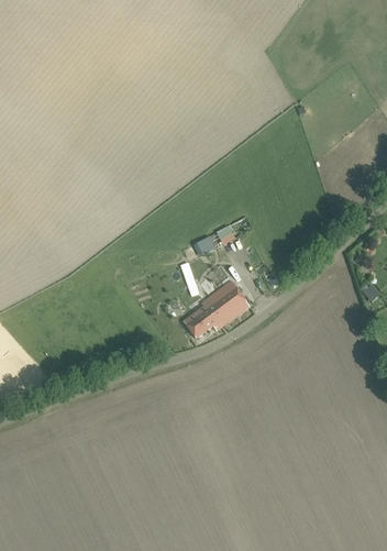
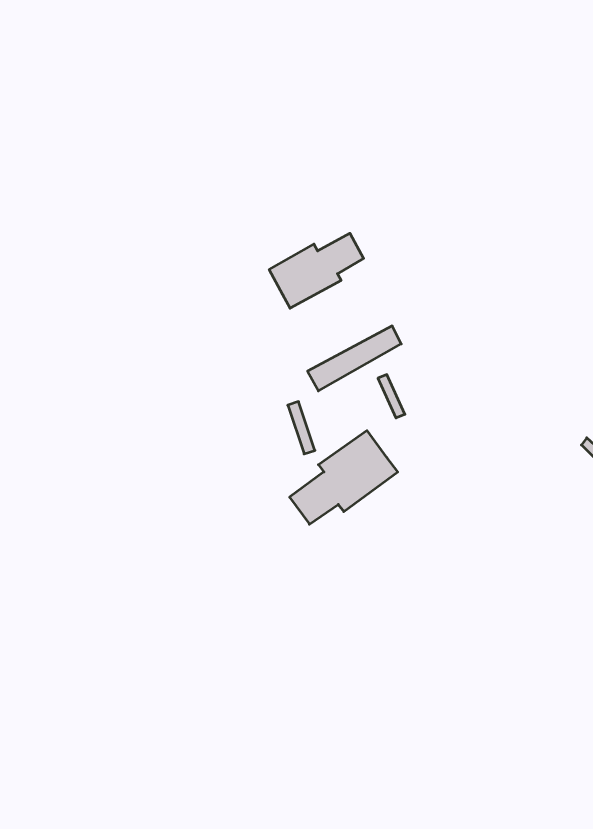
building: none -> [269,233,364,308]

